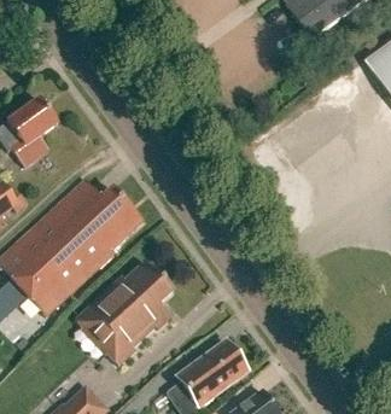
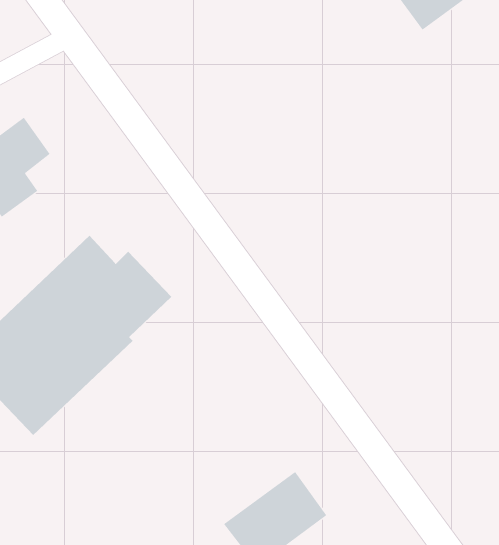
building: [75,261,173,366] -> none

